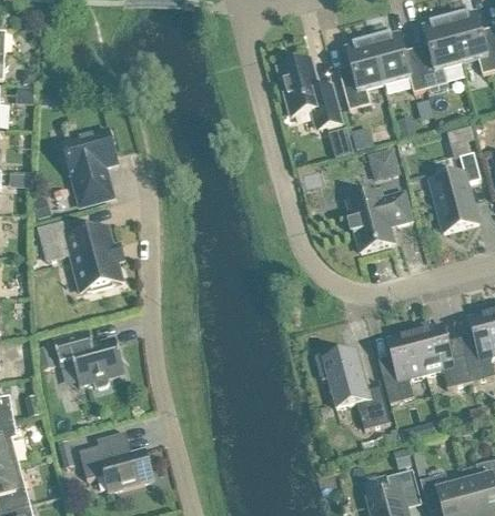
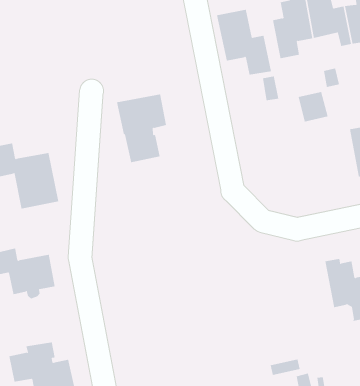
building: [60,128,117,204] -> [116,94,167,163]
building: [346,189,412,250] -> none
building: [377,323,425,401] -> none
building: [315,346,390,427] -> none

